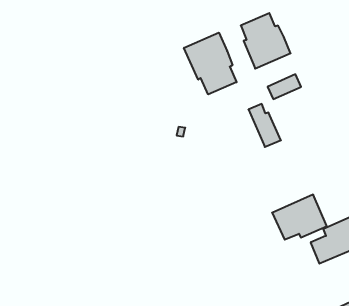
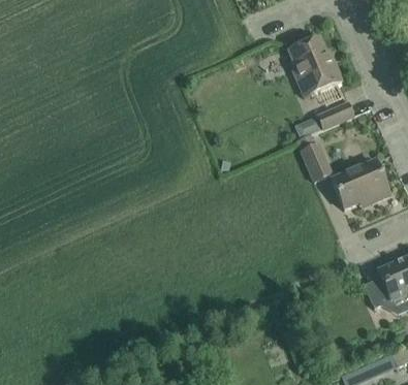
building: [184,33,237,94] -> none
building: [272,195,327,240] -> [331,160,389,208]

